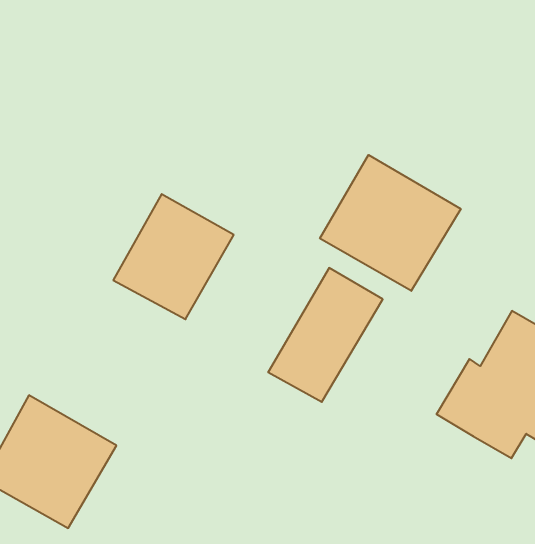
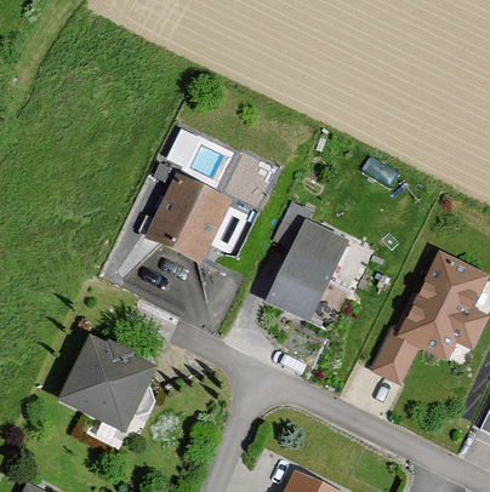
building: [320,155,461,291] -> none
building: none -> [376,324,425,377]

